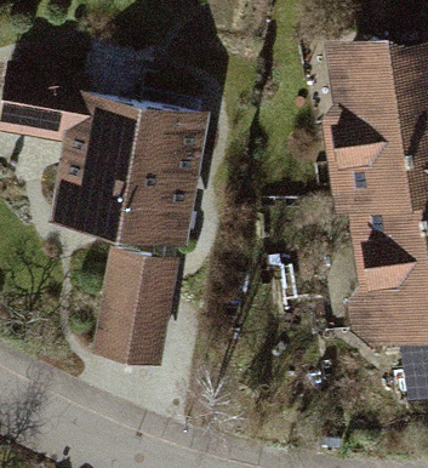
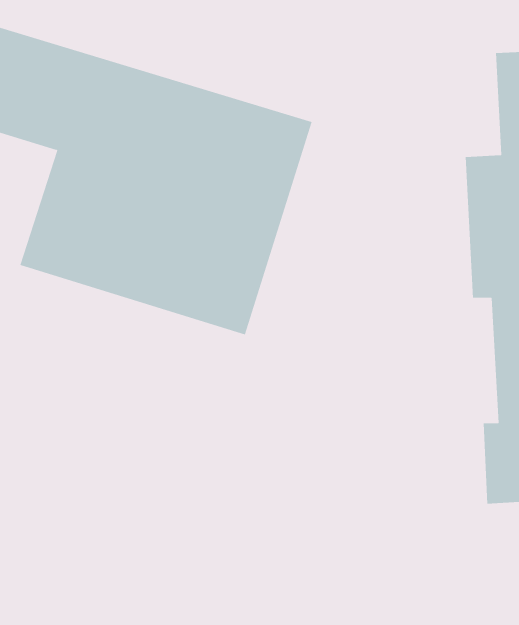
building: [93,250,183,358] -> none

